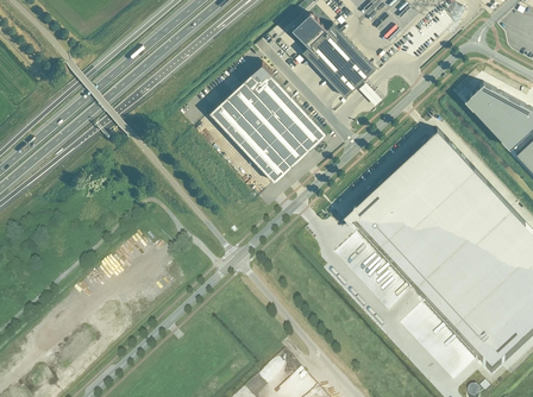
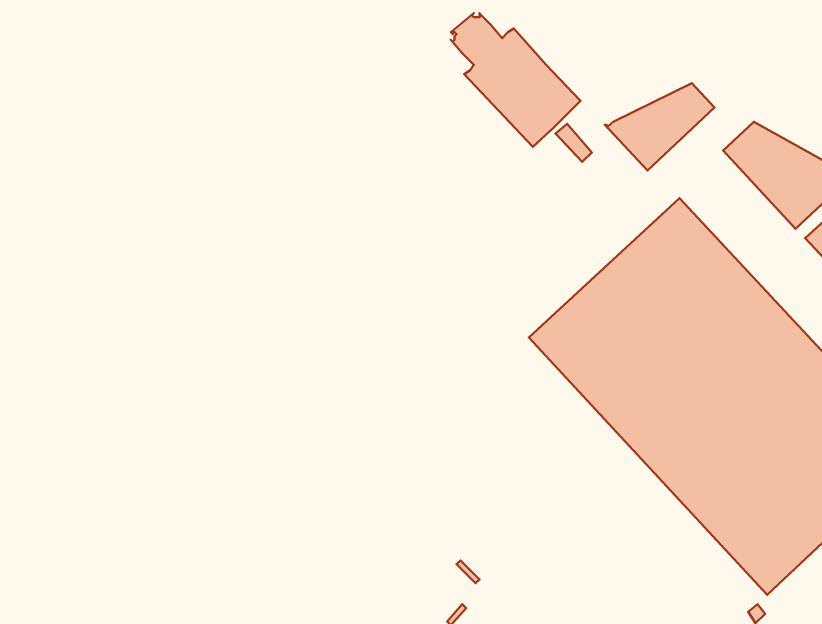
building: none -> [605,83,714,170]
building: [209,59,327,182] -> none

